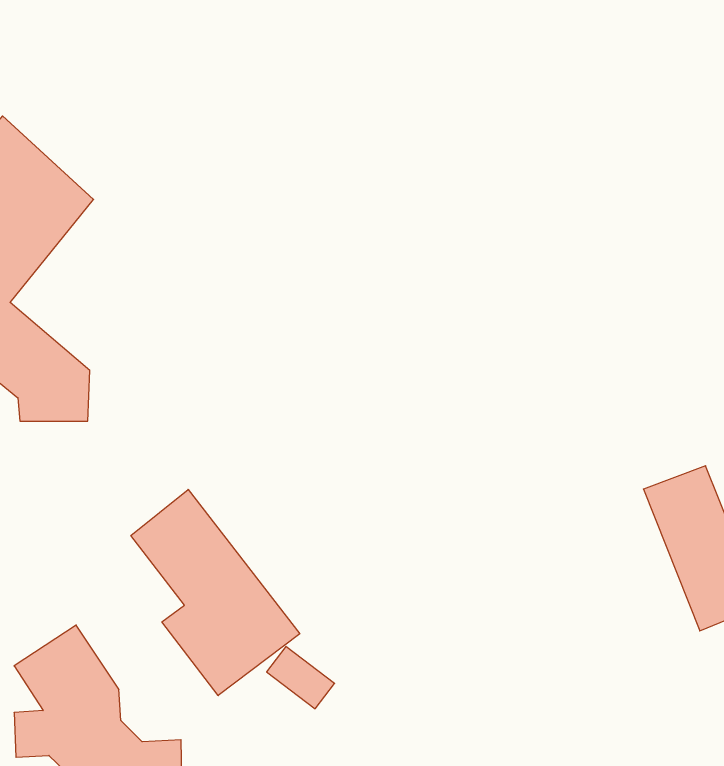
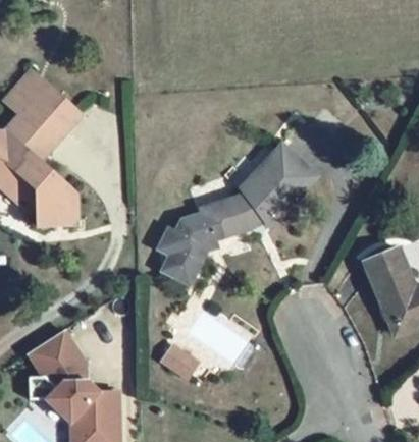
building: none -> [156,146,312,287]
building: [131,489,300,696] -> none

